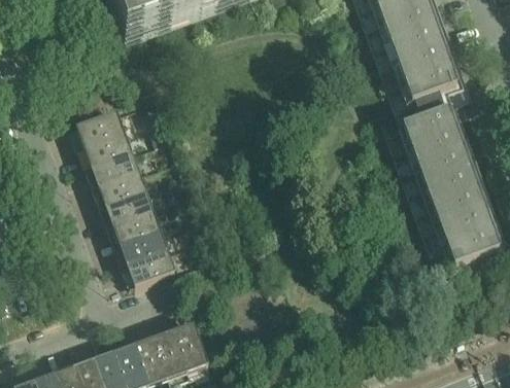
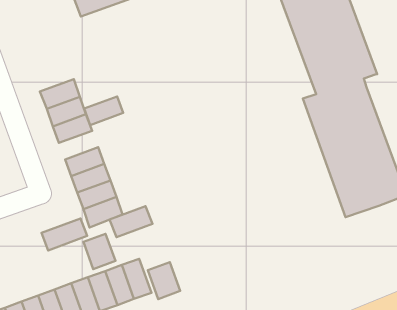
building: [98,170,144,204] -> [84,96,123,125]
building: none -> [110,206,153,237]
building: none -> [42,218,87,250]
building: none -> [84,234,115,269]
building: none -> [148,262,180,299]

